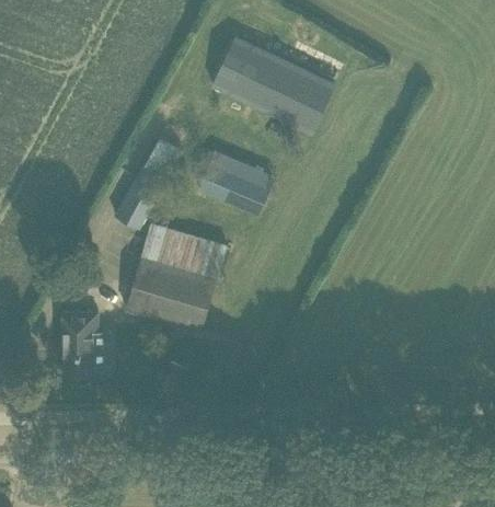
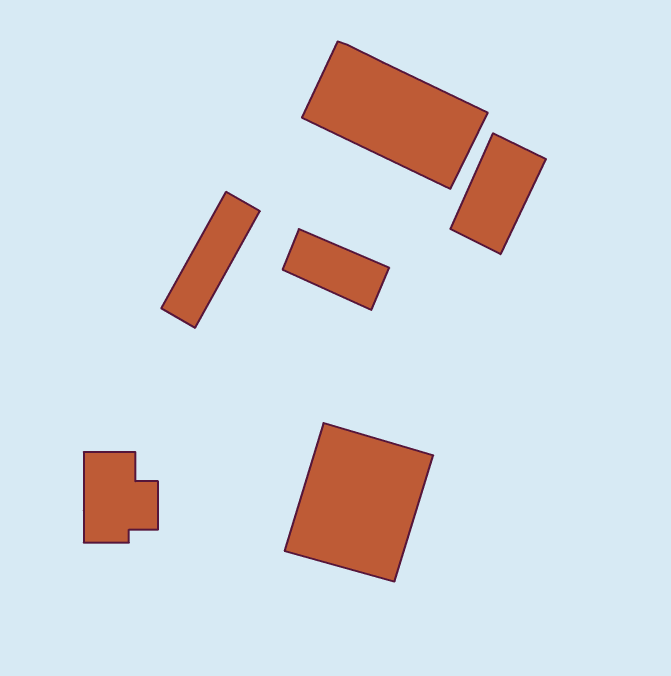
building: none -> [450,133,546,254]
building: [126,223,227,331] -> [285,423,433,581]

